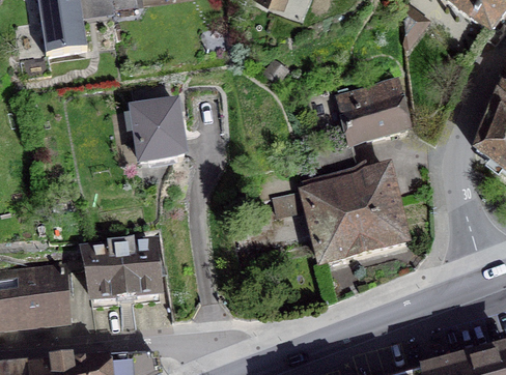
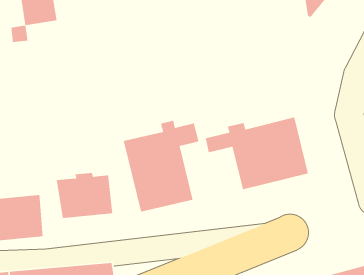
building: [336,79,409,144] -> none
building: [133,100,184,160] -> none
building: none -> [123,120,199,213]

